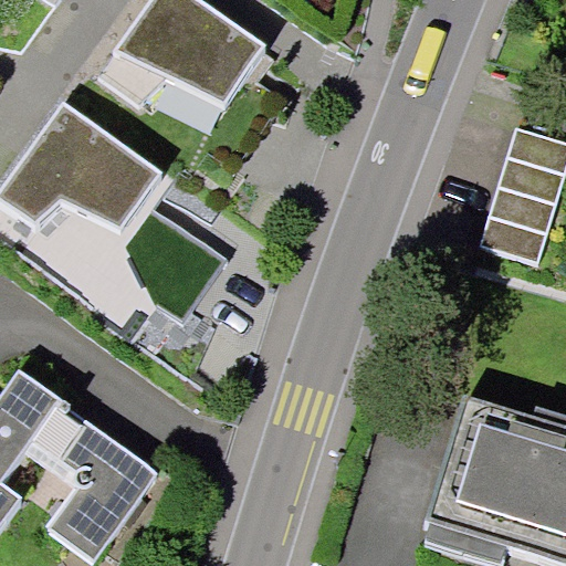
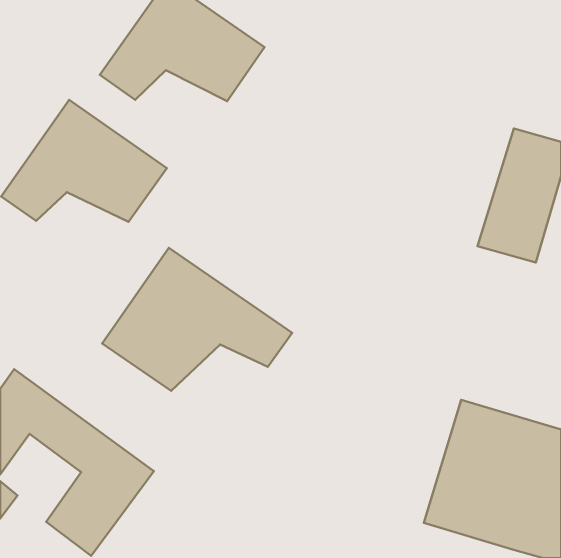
building: none -> [102,248,292,391]

